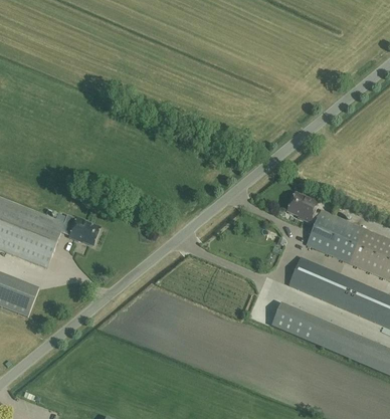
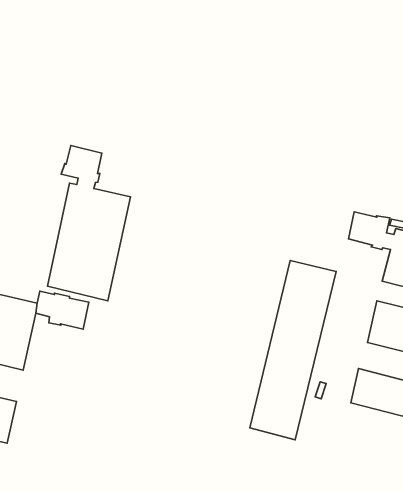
building: none -> [47,146,131,301]
building: none -> [250,261,336,440]

